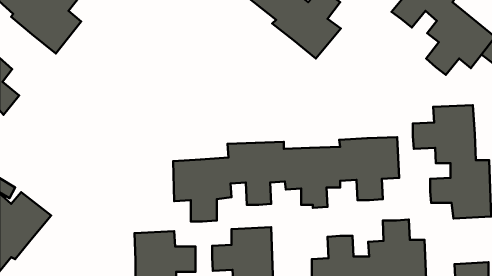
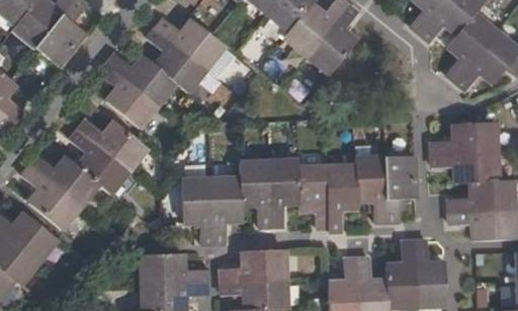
building: none -> [99,17,224,126]
building: none -> [22,121,146,227]

